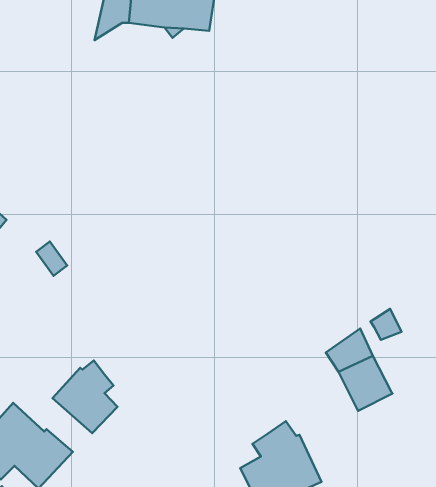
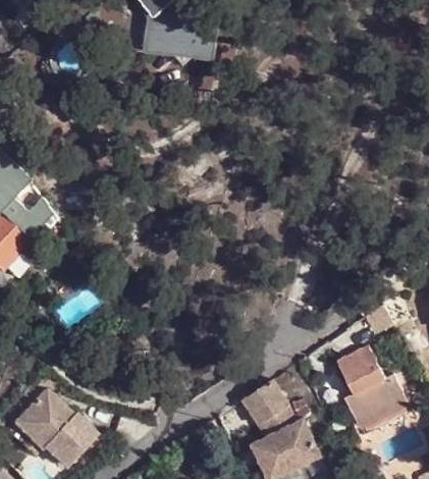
building: [53,361,117,433] -> none
building: none -> [344,376,407,428]
building: none -> [243,381,289,426]

